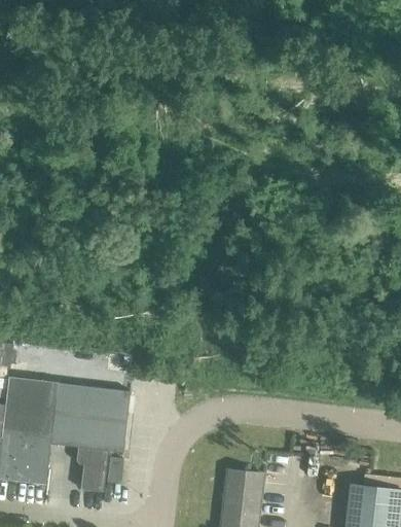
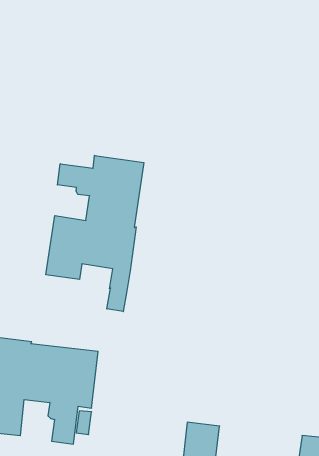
building: none -> [46,155,144,312]

